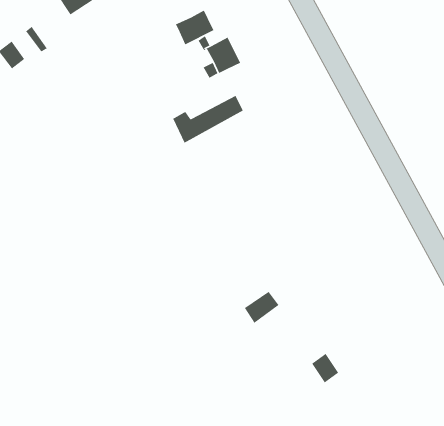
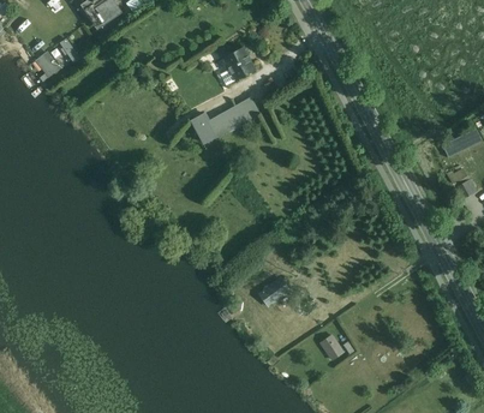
building: [175,10,215,45] -> none

